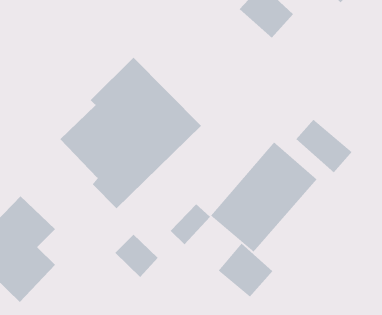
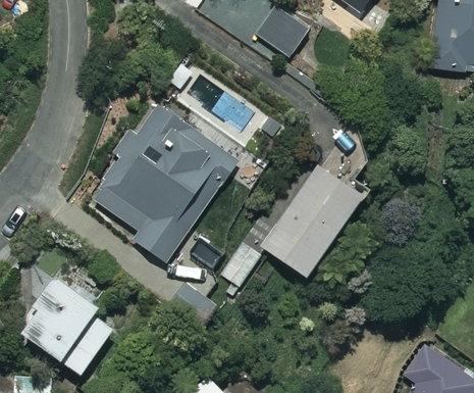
building: [296,119,352,173] -> none
building: [218,243,273,298] -> none

